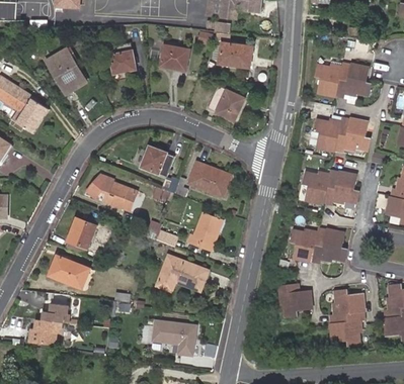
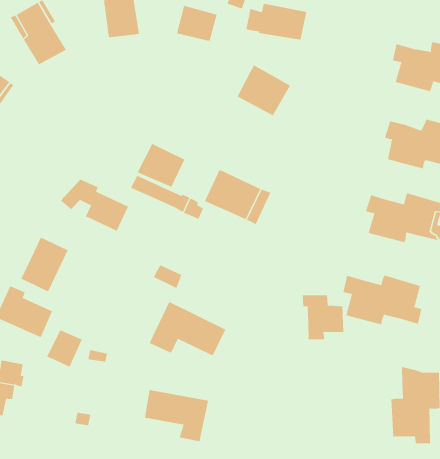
building: [188,213,222,249] -> none
building: none -> [47,329,82,367]
building: [279,284,311,316] -> [302,295,344,340]

